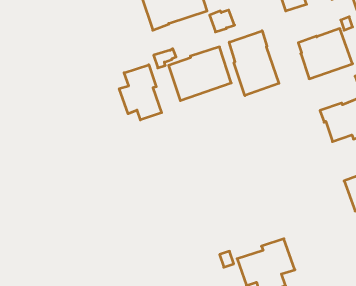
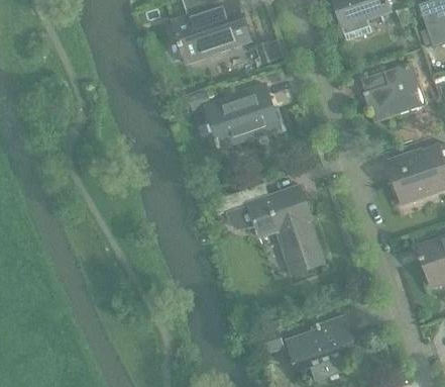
building: [229,31,279,96] -> none
building: [119,65,162,120] -> none
building: none -> [213,183,324,274]

